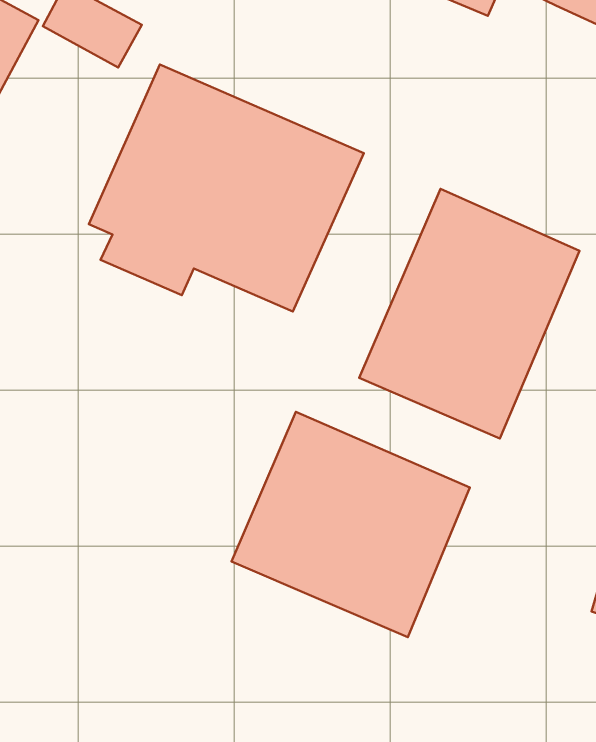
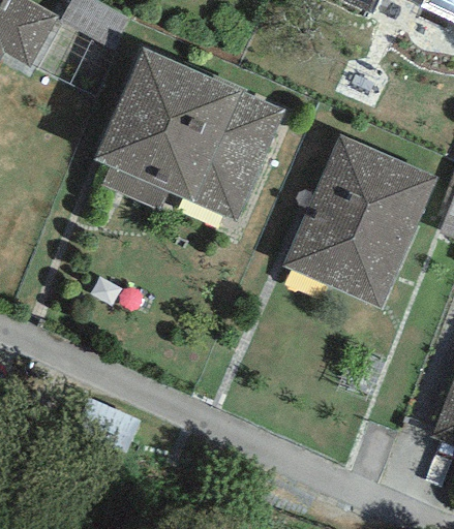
building: [232,412,470,637] -> none

